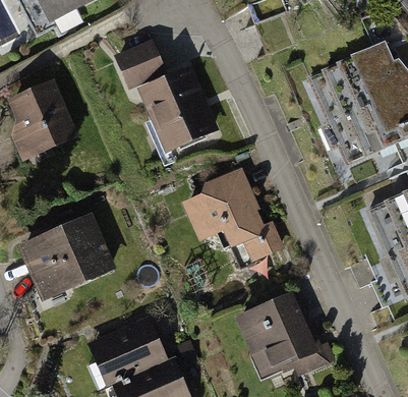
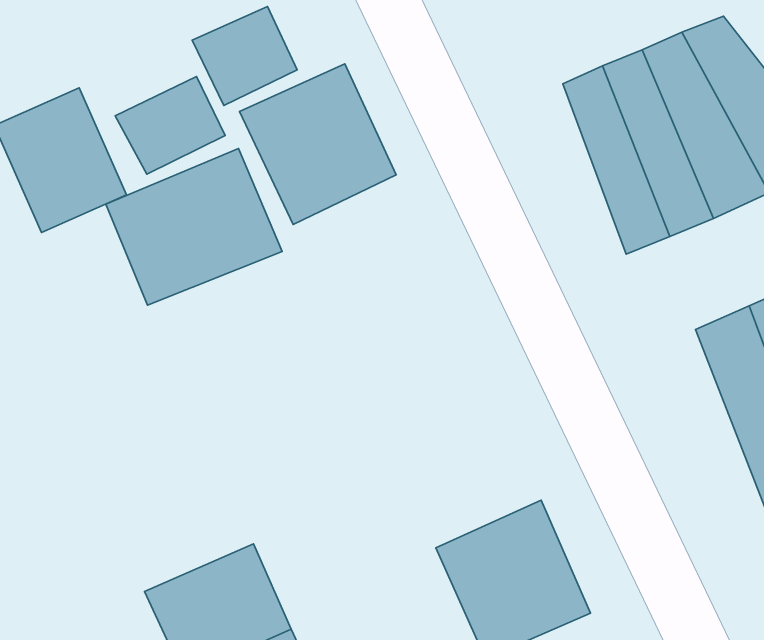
building: none -> [115,76,225,174]
building: [183,170,284,259] -> none
building: [21,217,112,297] -> [106,148,282,305]

